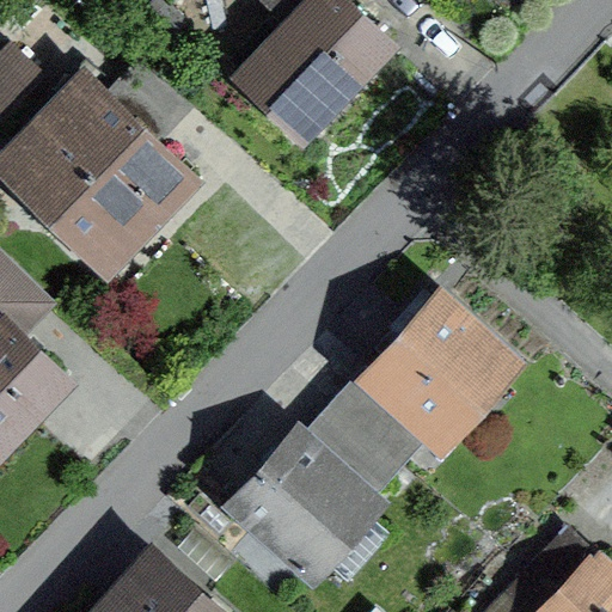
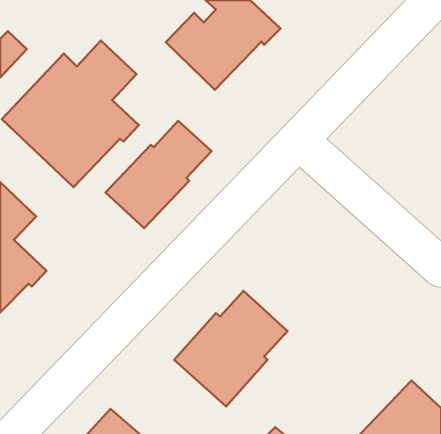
building: none -> [106,121,211,228]
building: [337,314,497,469] -> none

